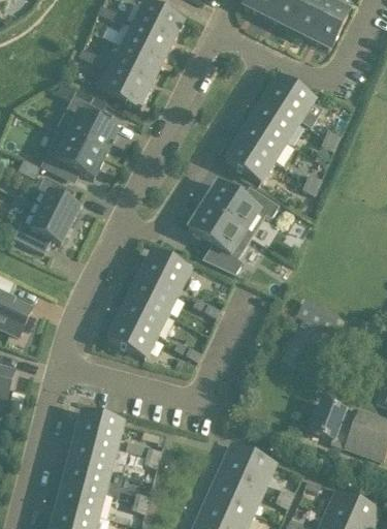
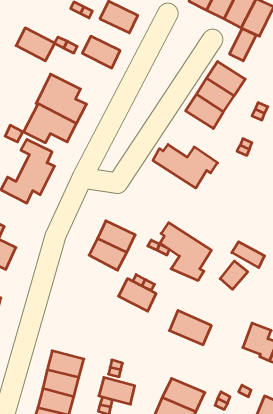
building: [123,26,170,65] -> none
building: none -> [230,28,256,61]
building: [101,68,149,108] -> [16,28,55,61]
building: [227,139,273,182] -> none
building: [189,200,252,272] -> [160,223,211,280]
building: [141,253,188,292] -> none
building: [109,317,156,357] -> [118,279,156,311]
building: [75,412,120,445] -> [99,377,135,404]
building: [222,444,273,487] -> [169,310,211,345]

